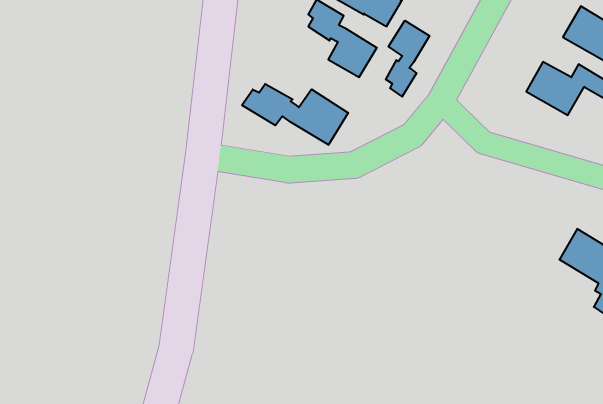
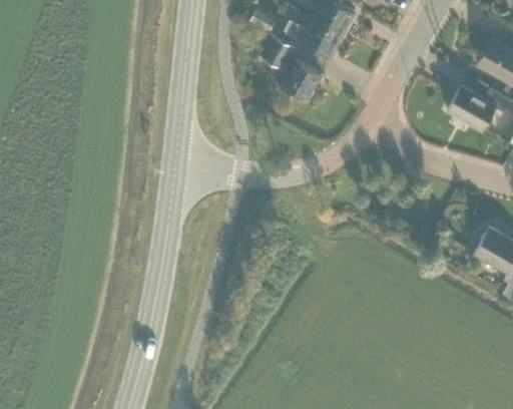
building: [386,21,429,97] -> none
building: [242,84,348,145] -> none

